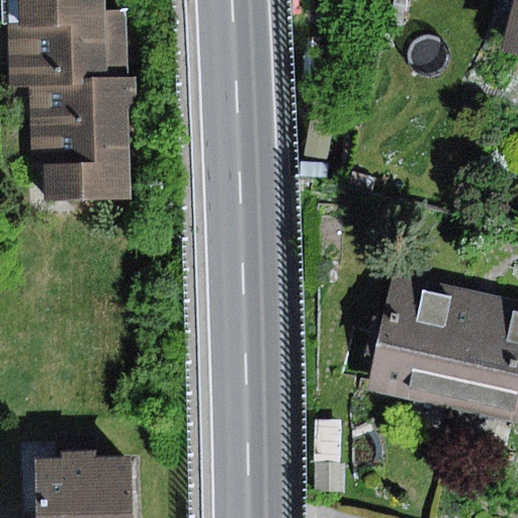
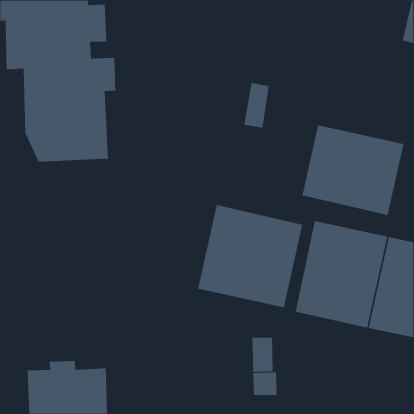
building: none -> [302,124,404,216]
building: none -> [198,204,303,308]

